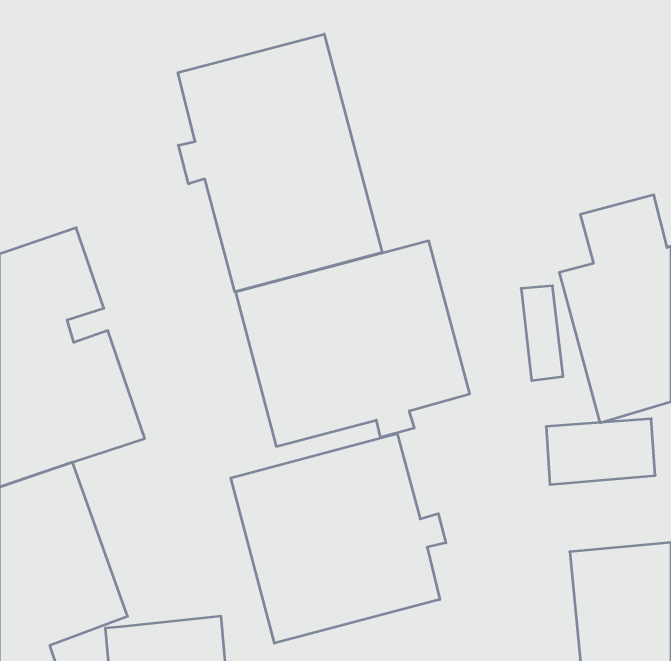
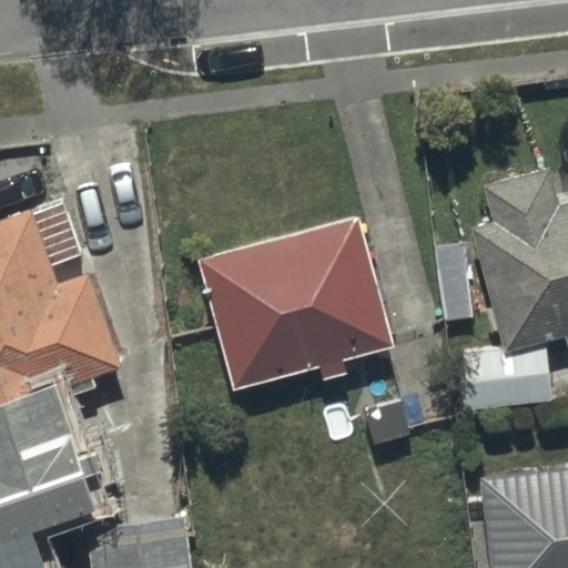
building: [178,34,382,292] -> none
building: [231,434,446,643] -> none

